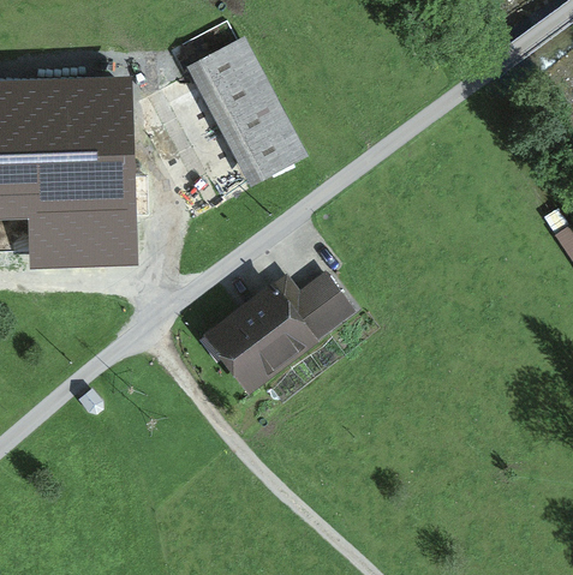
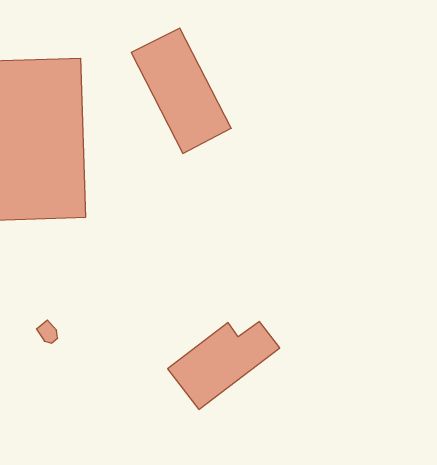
building: [211,277,345,382] -> [168,322,280,409]

